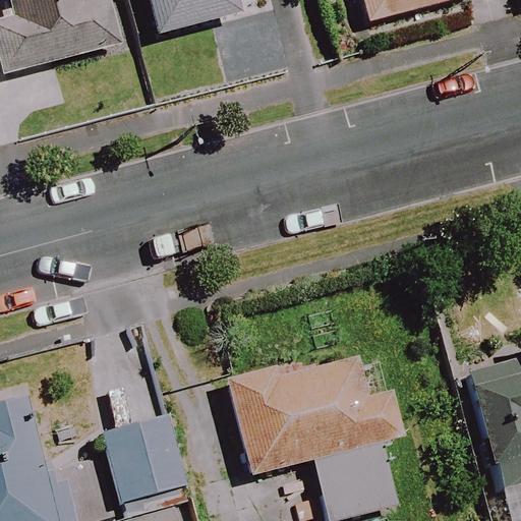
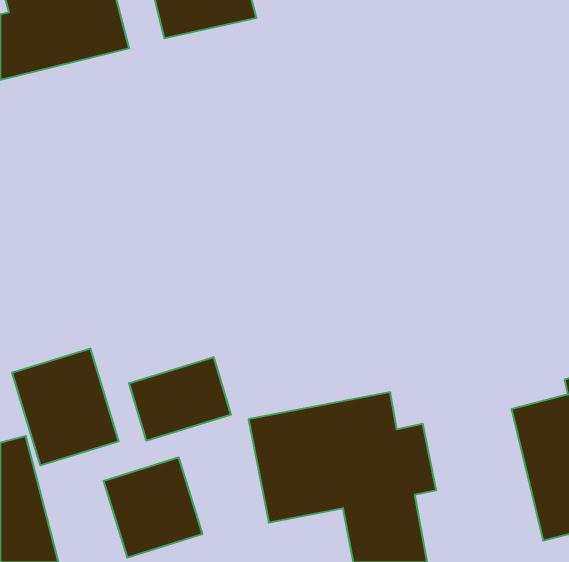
building: none -> [12,348,119,465]
building: none -> [129,357,231,441]

